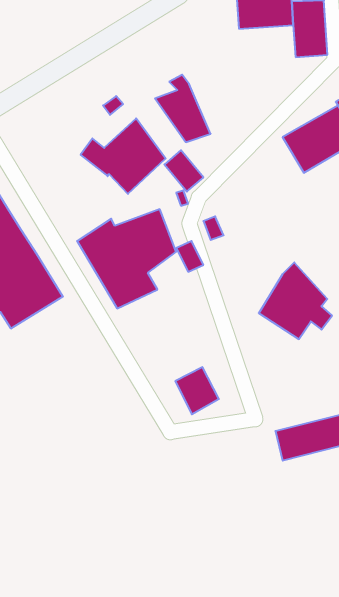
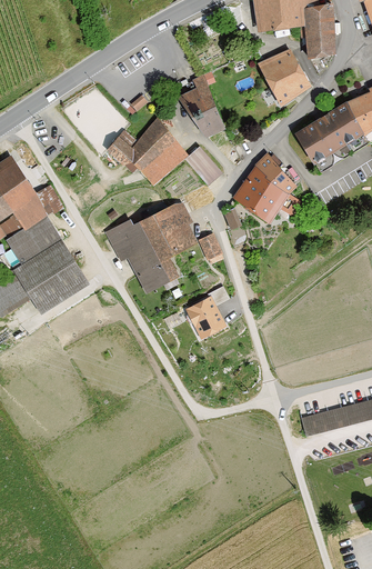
building: none -> [255,48,313,107]
building: [259,262,332,339] -> [233,151,302,223]
building: [175,367,219,414] -> [180,293,221,338]

